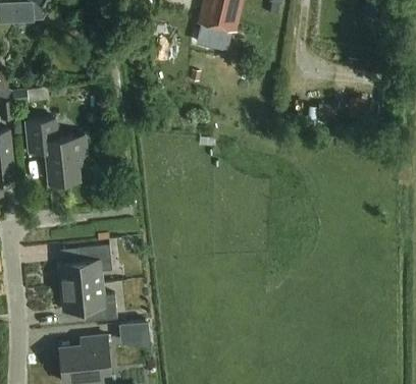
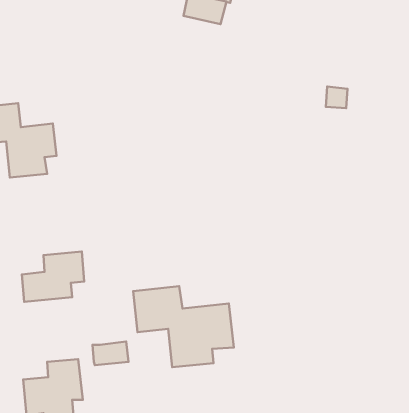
building: none -> [133,286,234,367]
building: [61,283,117,321] -> none

